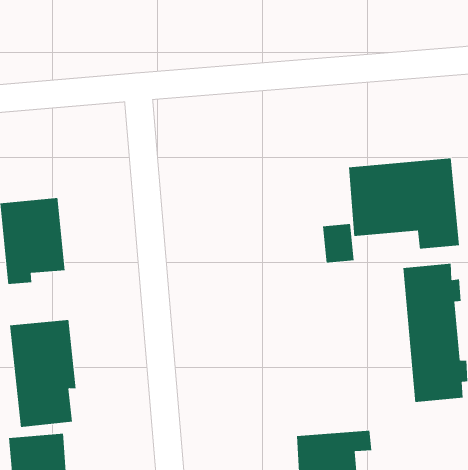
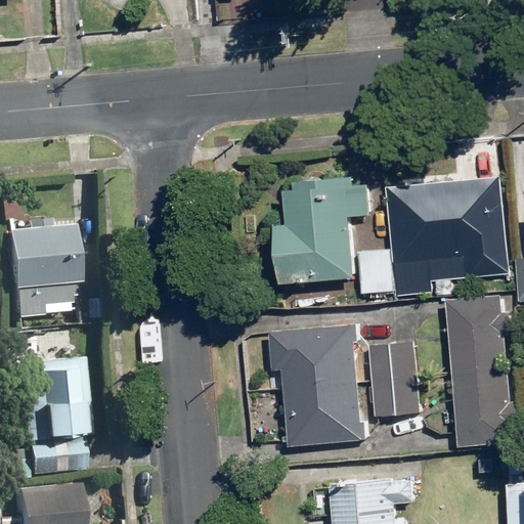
building: none -> [276,178,370,286]
building: none -> [268,325,361,447]
building: none -> [366,342,420,418]

